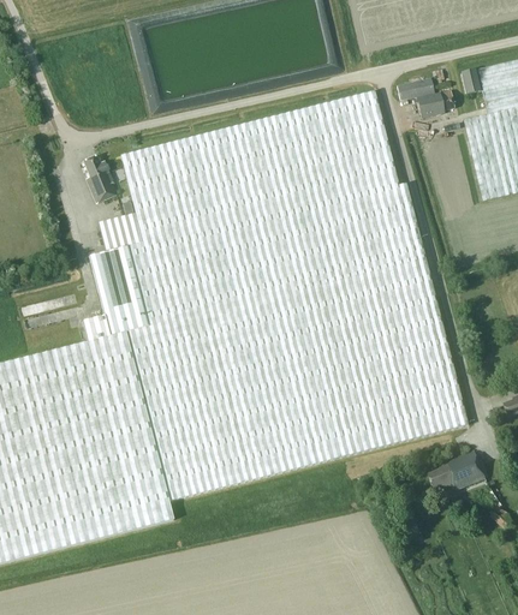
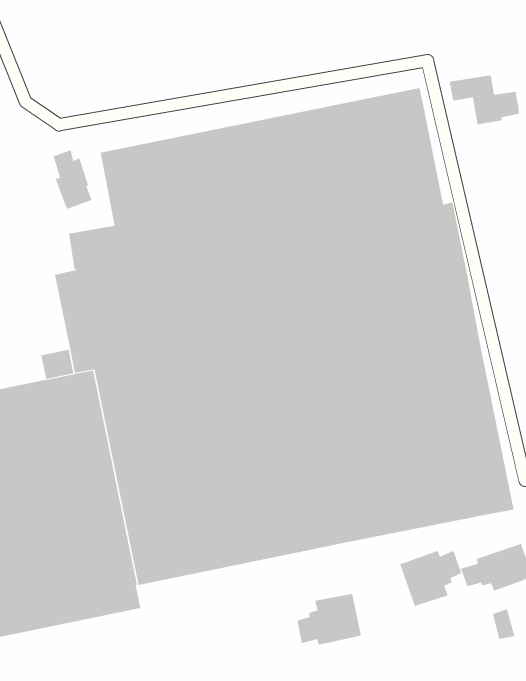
building: none -> [400,550,462,607]
building: none -> [297,593,361,646]

